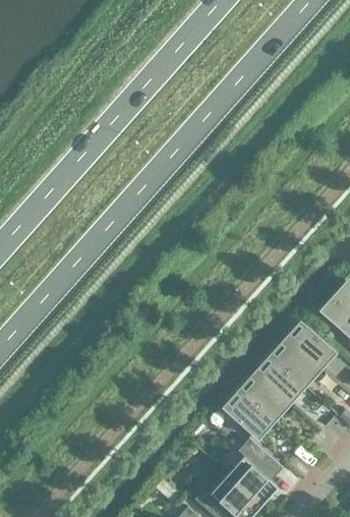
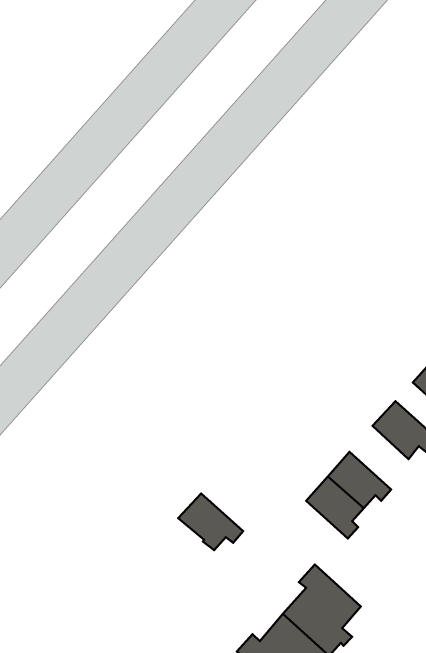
building: [275,341,316,386] -> none
building: [228,394,274,434] -> [178,494,243,550]

